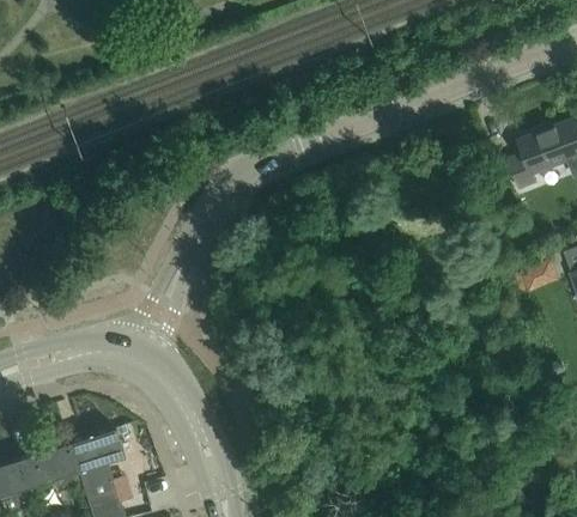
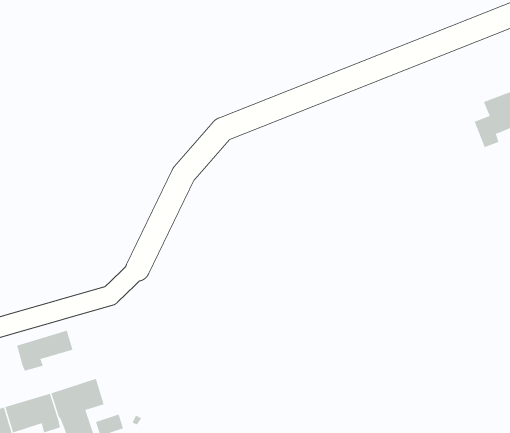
building: none -> [16,330,73,371]

